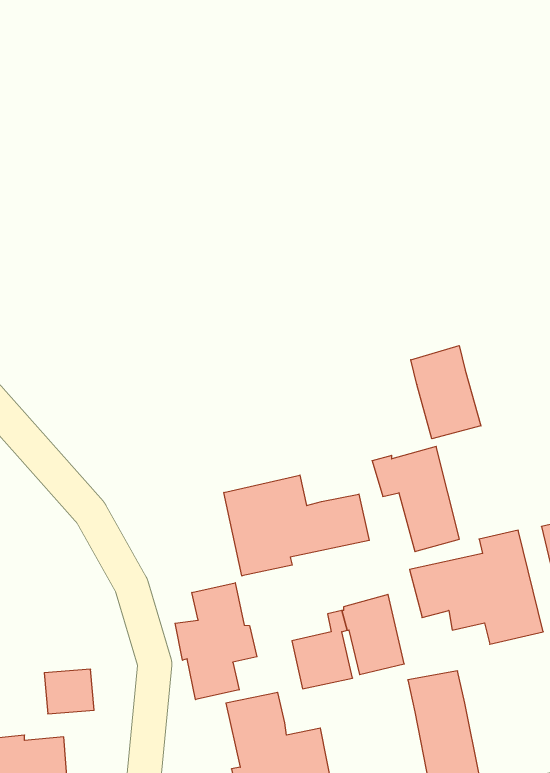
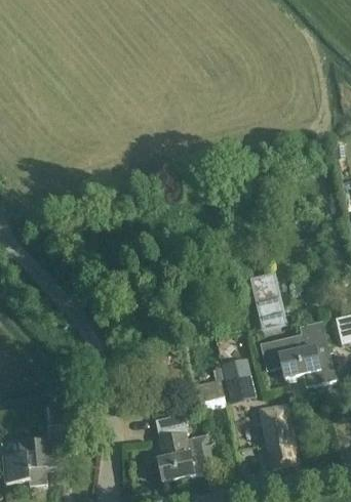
building: [411,346,481,439] -> none
building: [224,475,369,576] -> none
building: [175,583,257,700] -> none

